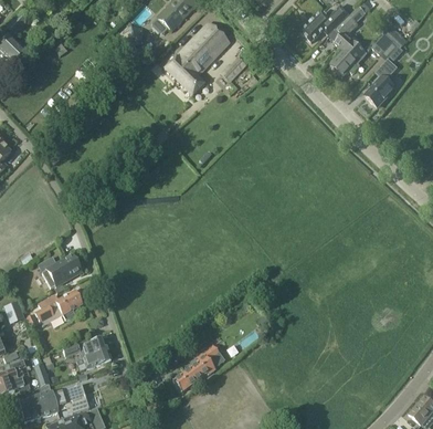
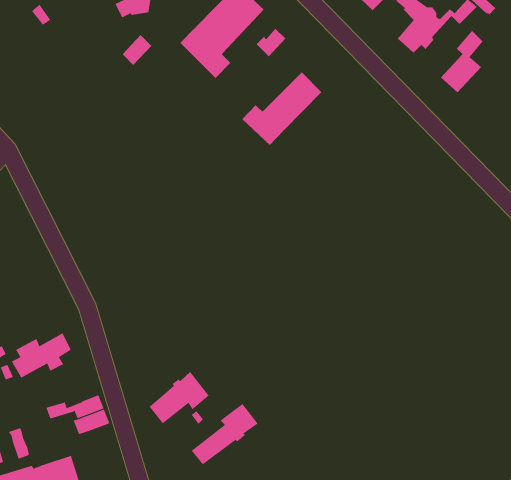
building: none -> [241,72,322,146]
building: [42,252,82,286] -> none
building: none -> [149,371,210,424]

